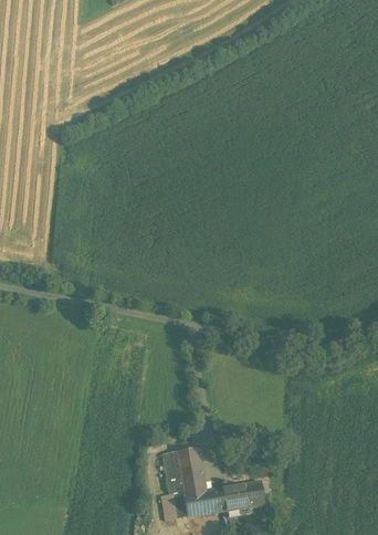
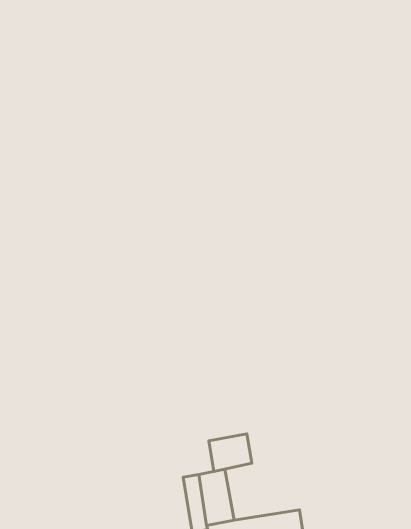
building: none -> [209,434,252,471]

